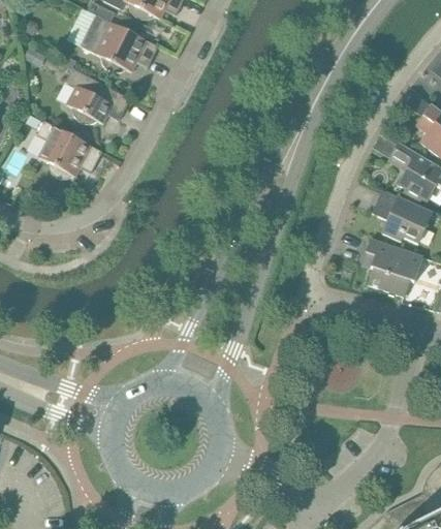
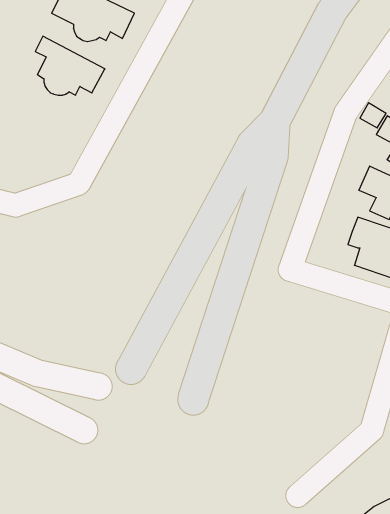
building: [36,120,101,179] -> none

